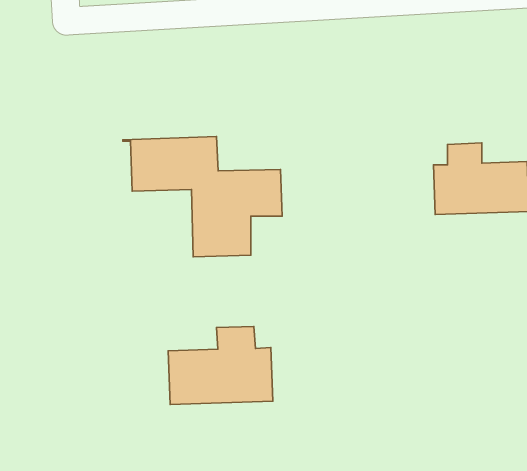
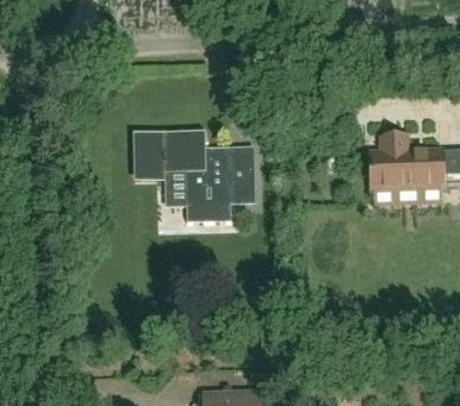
building: [168,327,273,405] -> none

